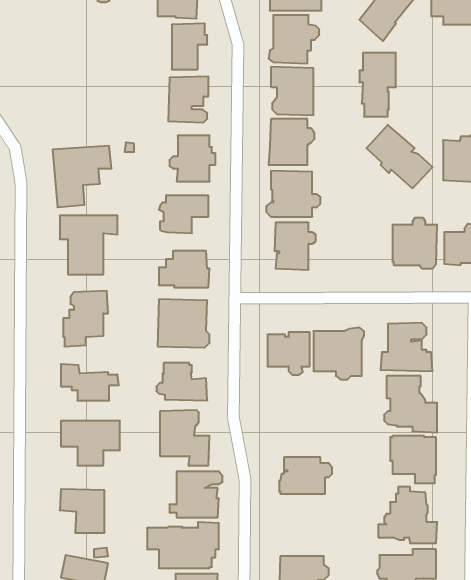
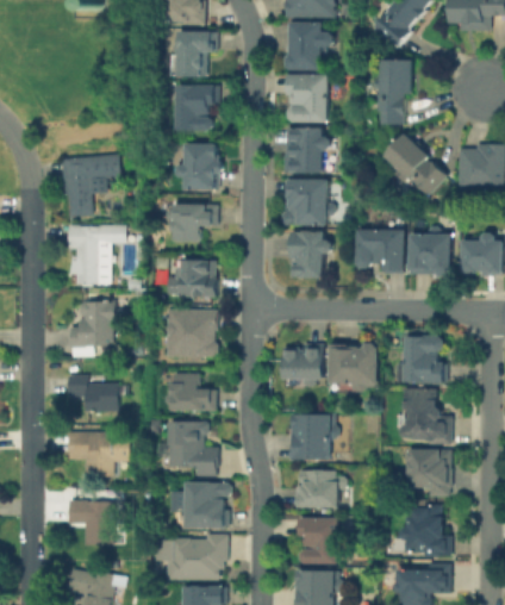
building: none -> [353,231,403,275]
building: none -> [287,412,337,459]
building: none -> [295,516,339,563]

